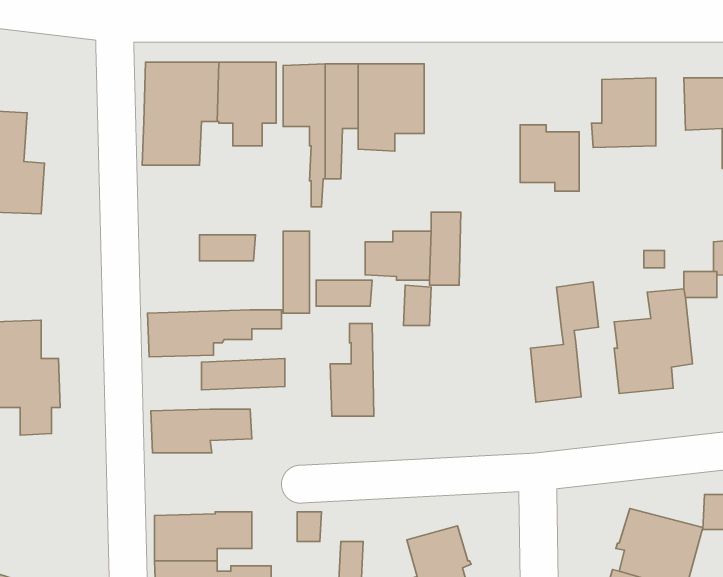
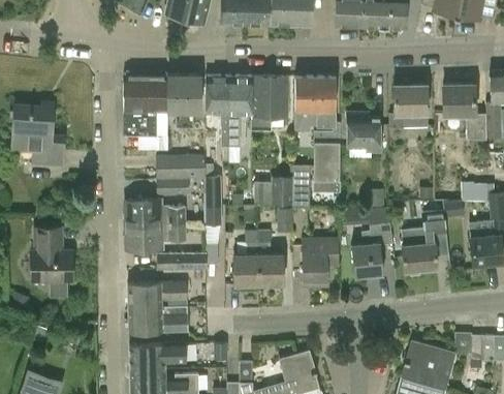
building: none -> [294,77,340,191]
building: none -> [156,155,206,178]
building: none -> [124,199,186,224]
building: none -> [258,230,284,285]
building: none -> [303,239,338,284]
building: none -> [128,306,188,333]

